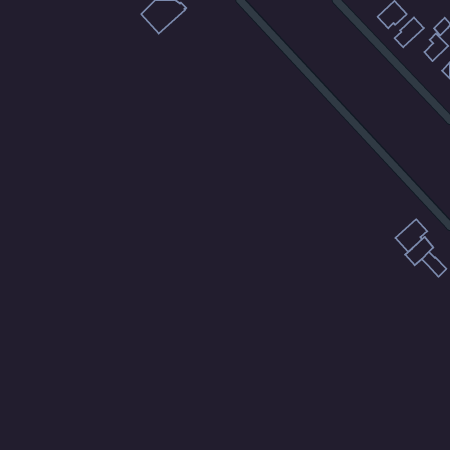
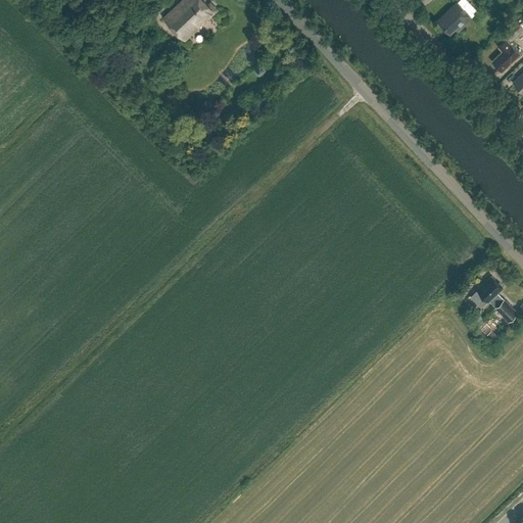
building: [395,17,424,47] -> none
building: [395,219,427,252] -> none

